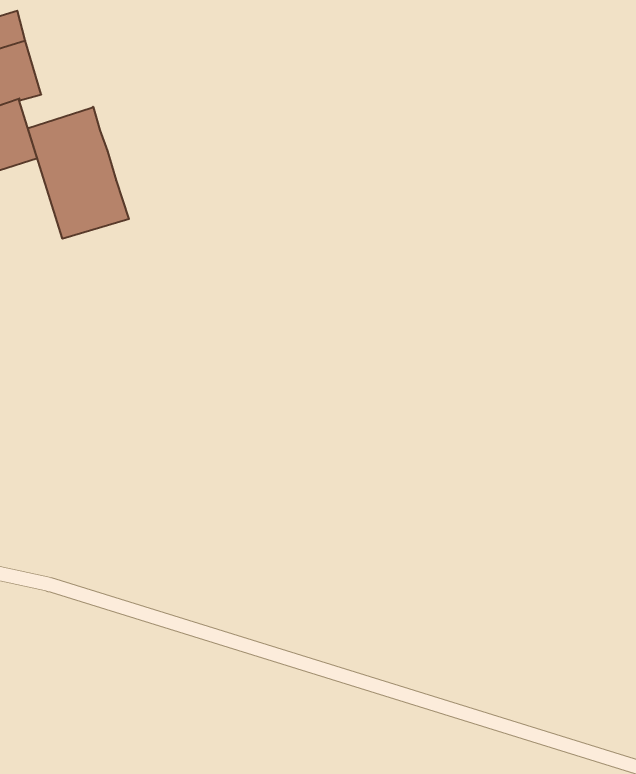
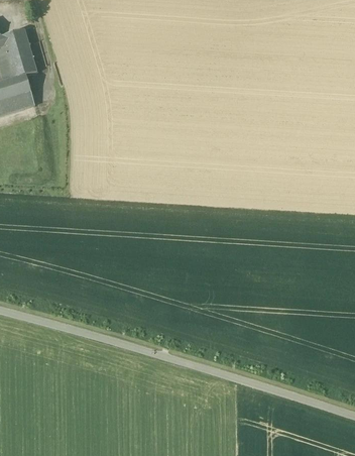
building: [28,107,129,239] -> none

